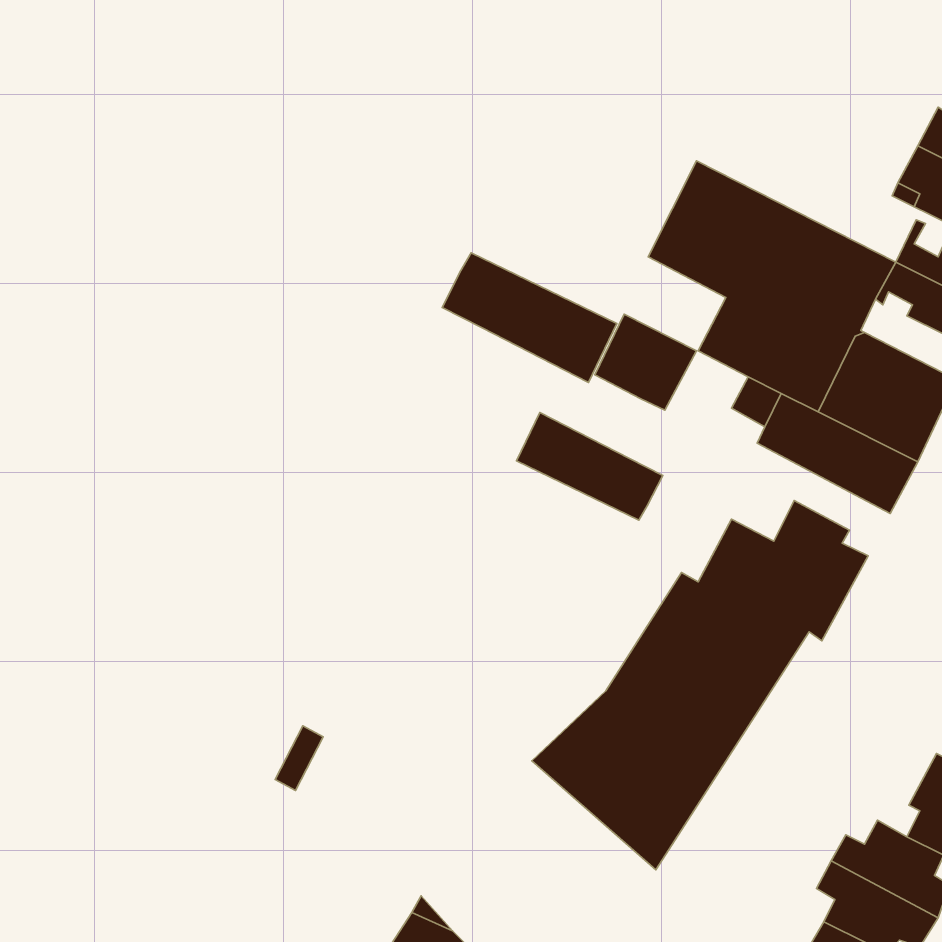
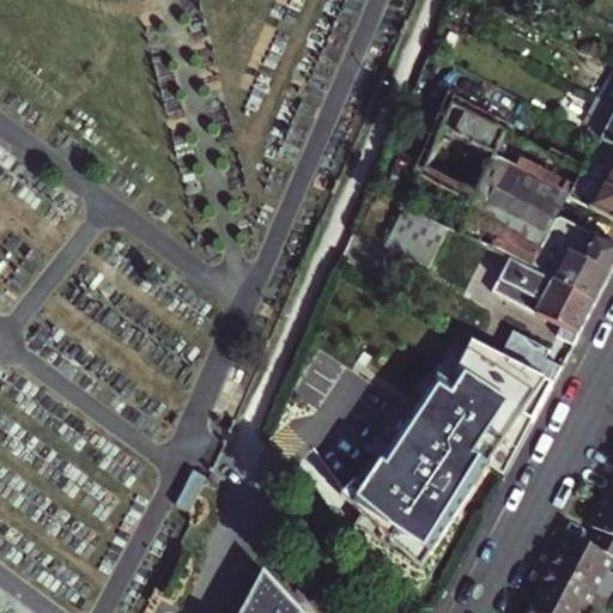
building: [442,253,617,382] -> none
building: [517,412,663,520] -> none

